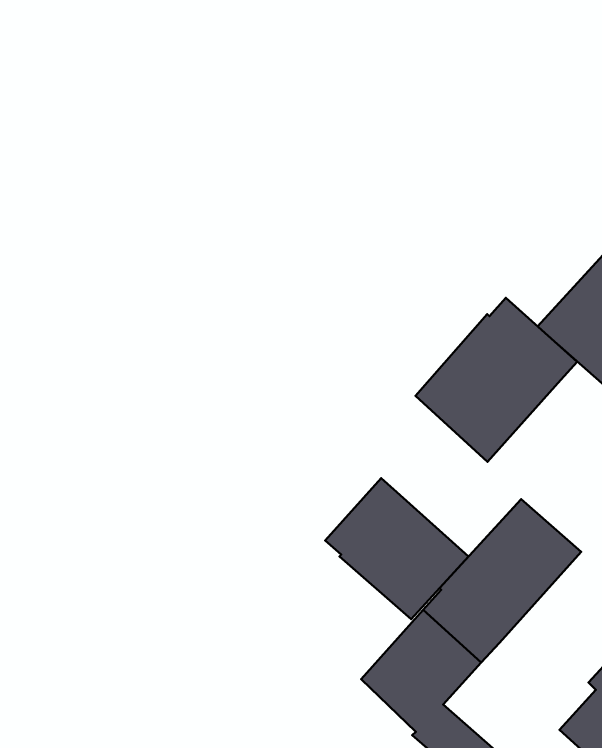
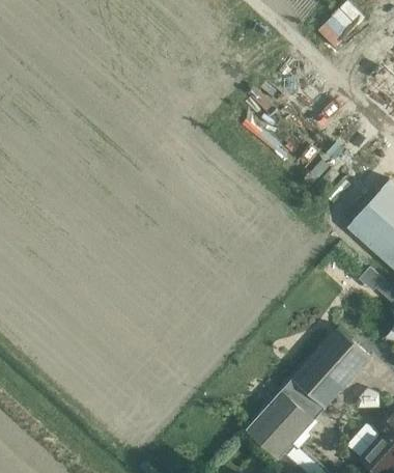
building: [415,298,577,462] -> none
building: [325,478,468,619] -> none

